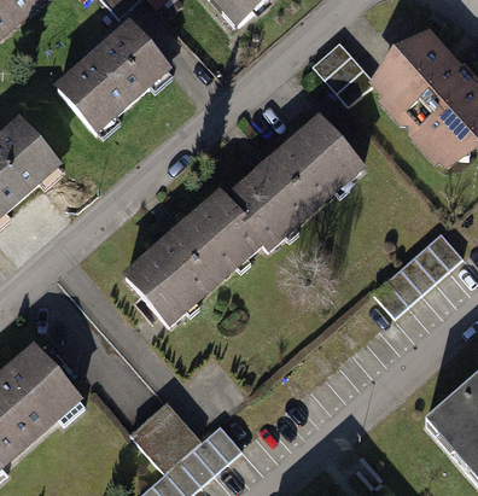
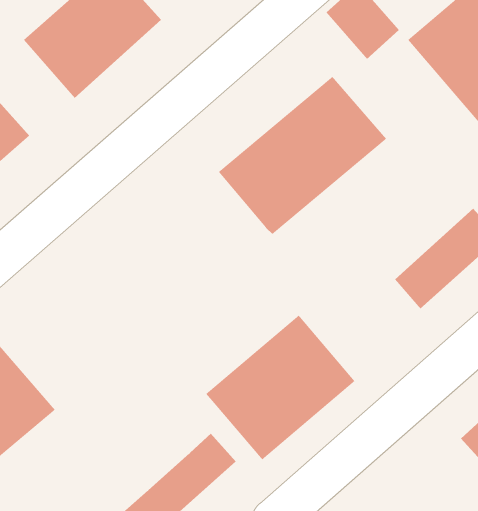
building: [121,191,261,325] -> none
building: none -> [205,315,356,461]
building: [135,403,197,465] -> none

